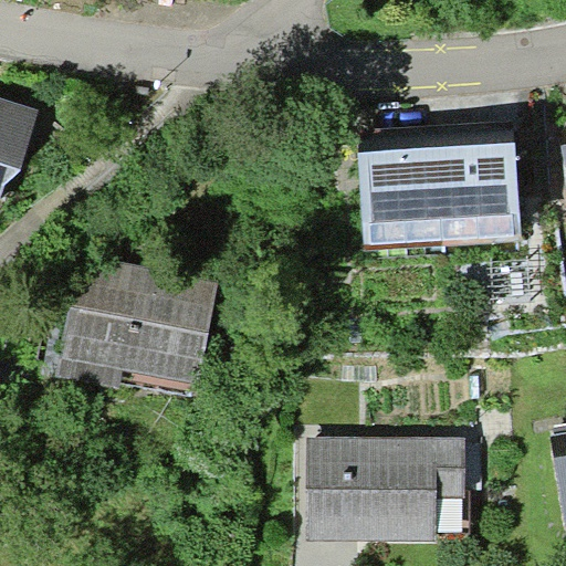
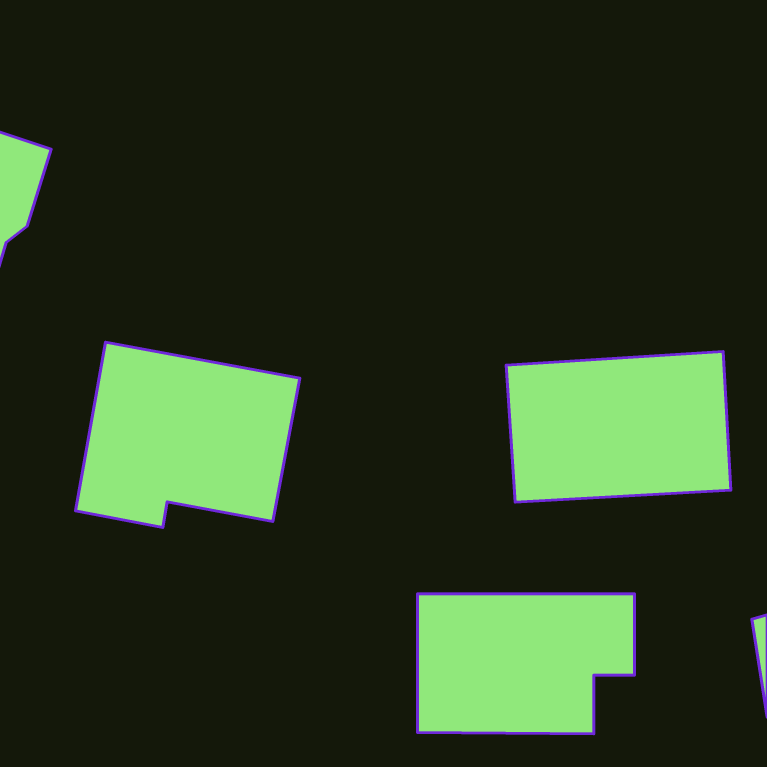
building: [357,139,522,250] -> [506,352,731,502]

